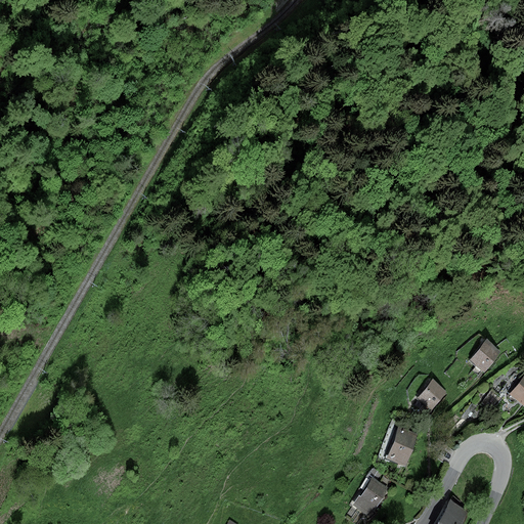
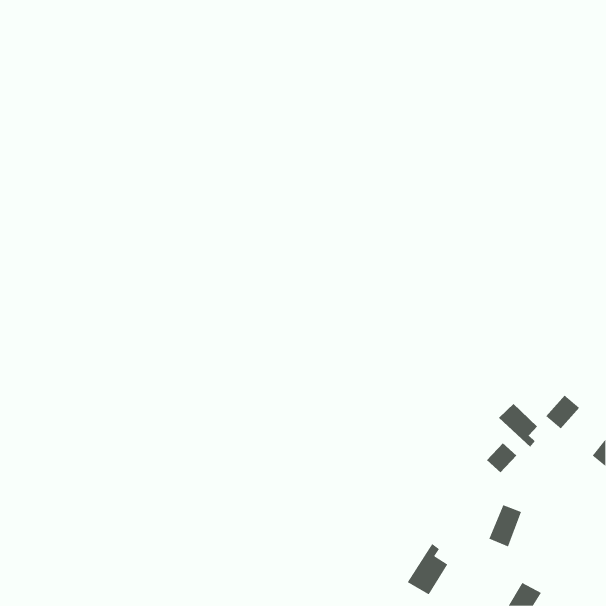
building: none -> [498,403,538,447]
building: [388,428,417,465] -> [489,505,522,547]

